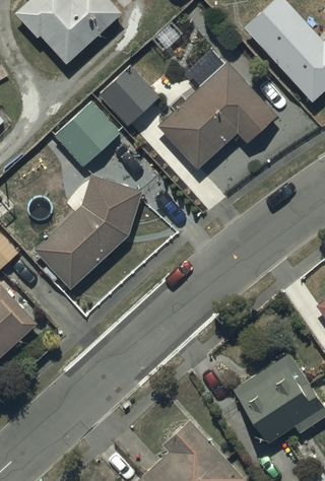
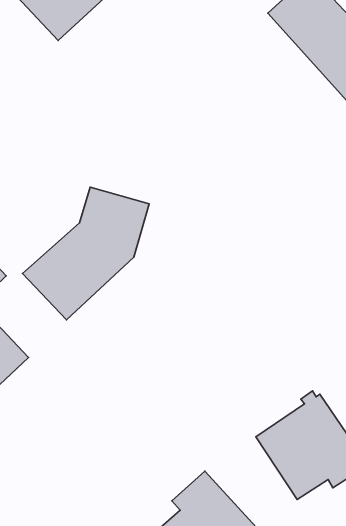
building: [157,62,276,169] -> none
building: [100,66,158,125] -> none
building: [55,102,120,167] -> none

